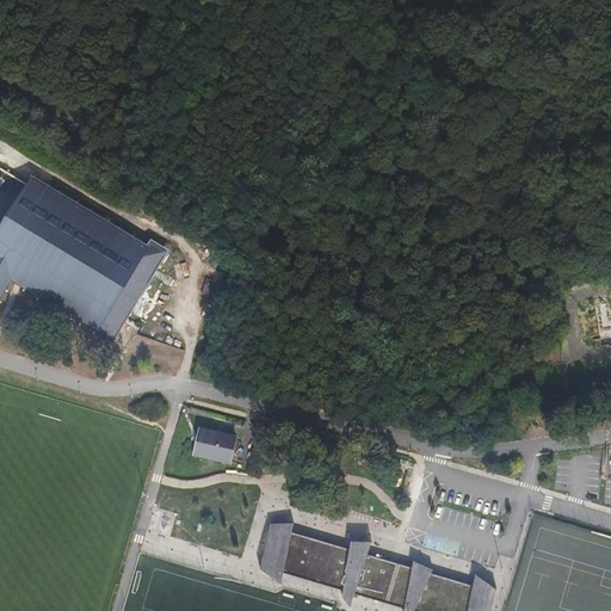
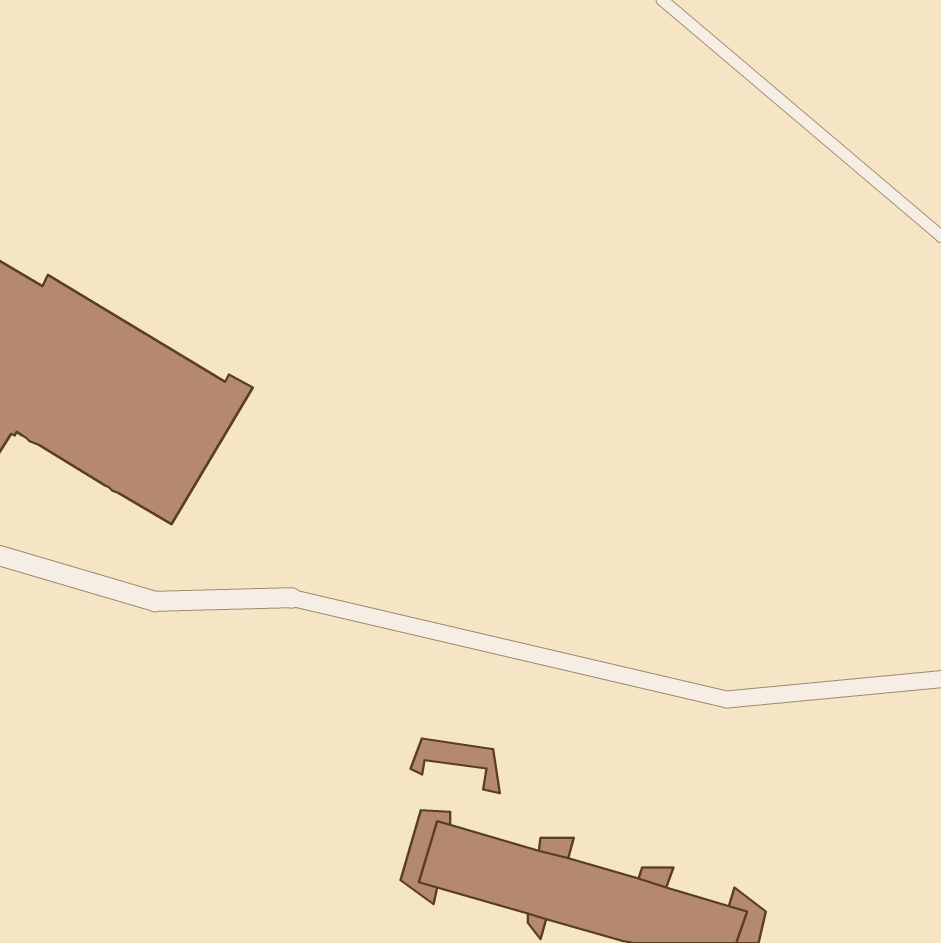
building: [197,421,240,459] -> none
building: none -> [411,739,500,793]

